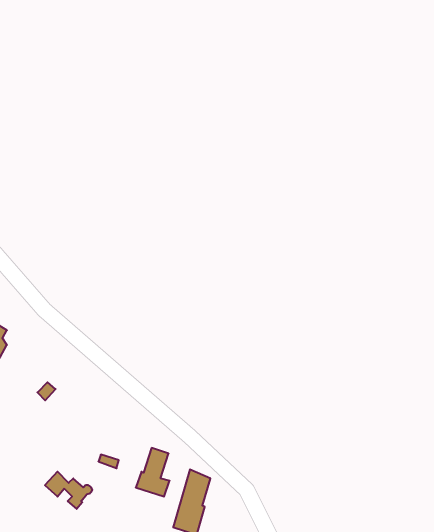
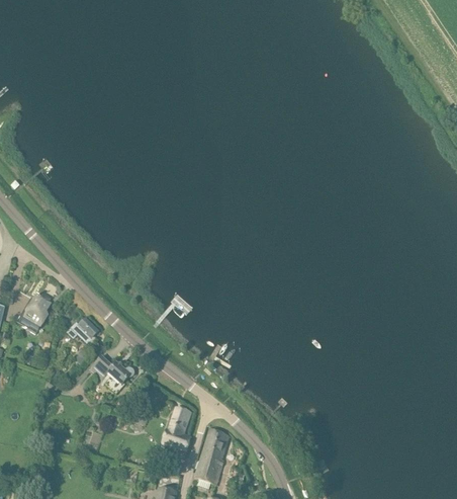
building: none -> [71,316,100,342]
building: [45,472,92,509] -> [91,355,133,389]

